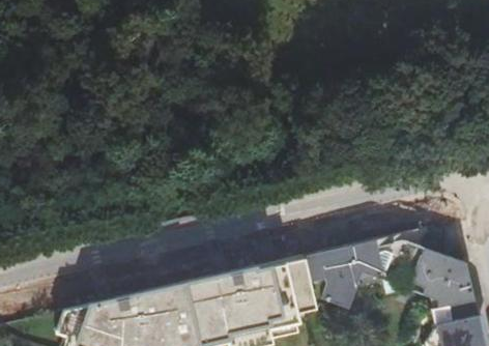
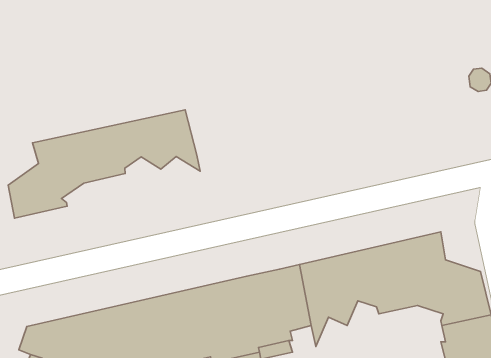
building: none -> [8,110,200,218]

